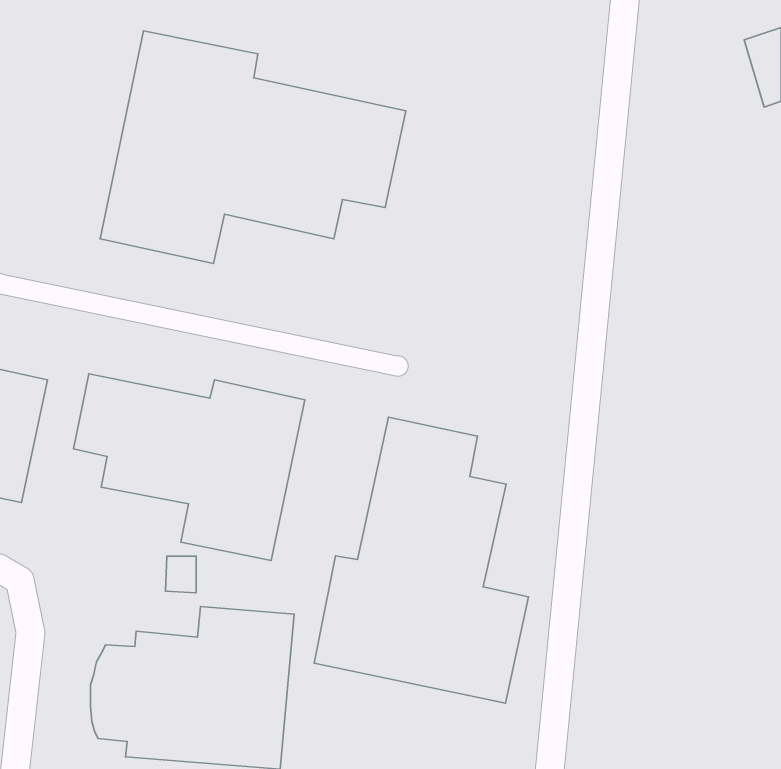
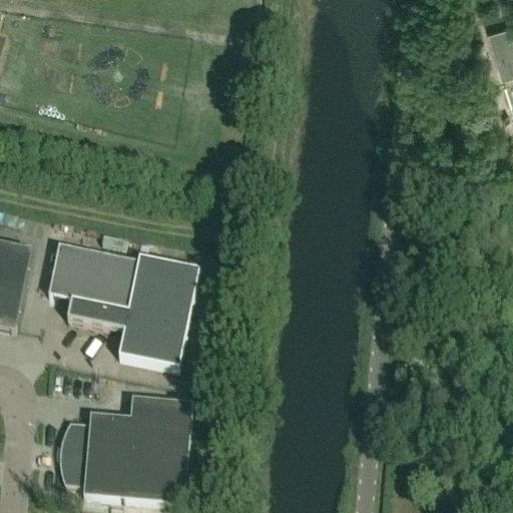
building: [100,31,406,263] -> none
building: [314,417,528,703] -> none

